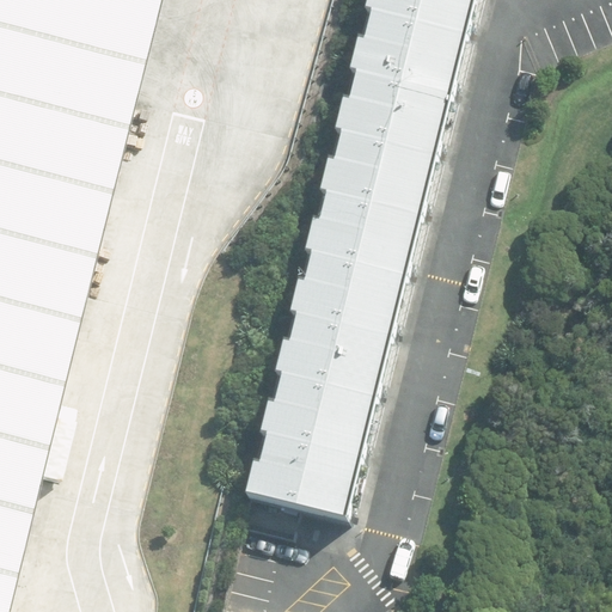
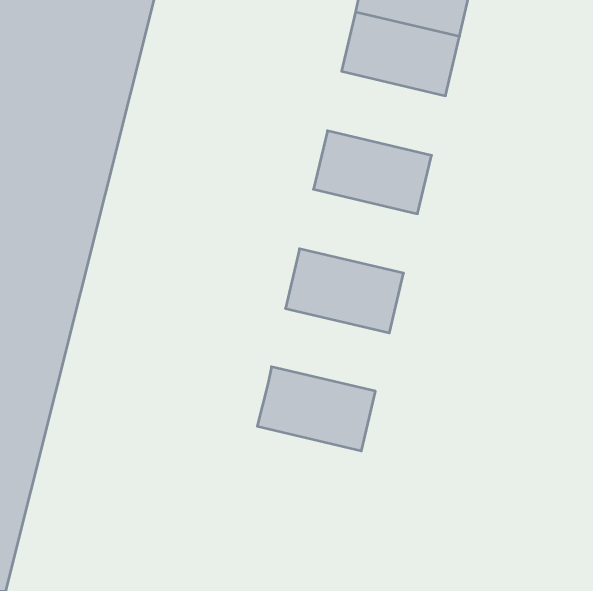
building: [335,73,455,159] -> none
building: [306,194,427,280] -> none
building: [277,316,398,400] -> none
building: [249,436,369,521] -> none

